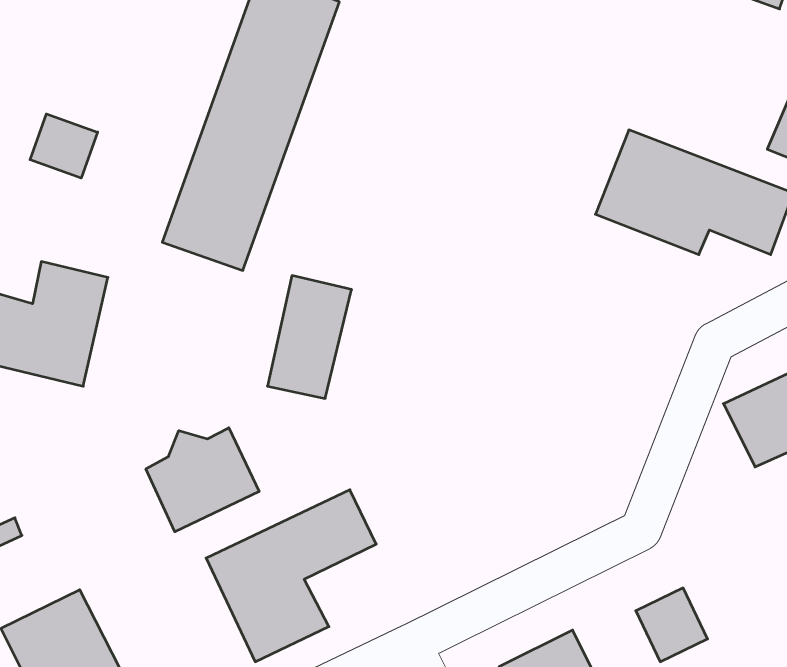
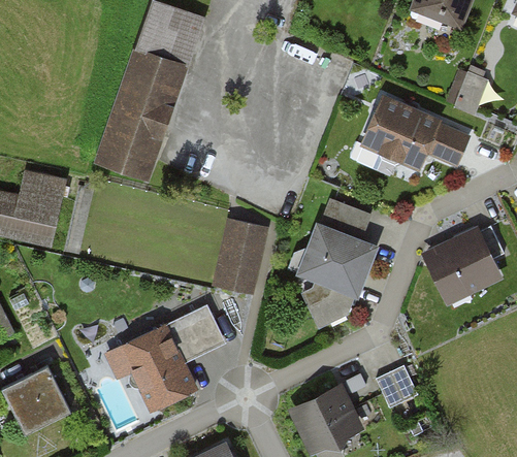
building: [30,114,98,178] -> none
building: [267,276,352,398] -> [217,220,266,292]
building: none -> [302,199,373,326]
building: [146,428,259,532] -> none

